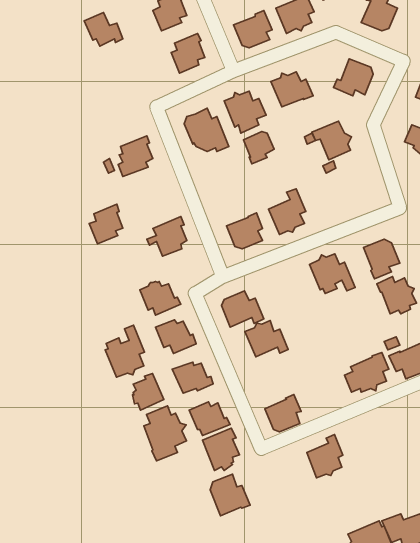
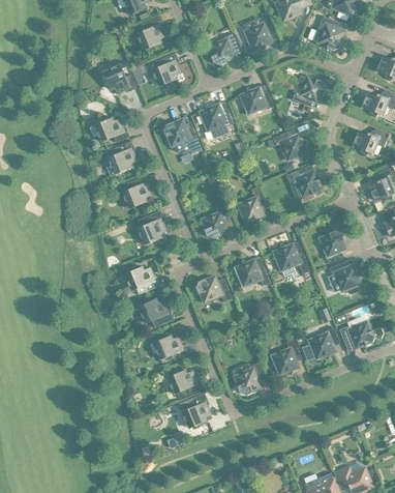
building: [84,12,123,46] -> [103,64,136,93]
building: none -> [89,116,129,142]
building: [243,132,274,164] -> none
building: none -> [285,167,322,198]
building: [89,204,123,244] -> [122,174,151,208]
building: [245,321,288,357] -> [233,257,270,288]
building: [105,325,145,377] -> none
building: [132,373,164,410] -> none
building: [144,406,186,461] -> none
building: [307,435,343,478] -> [270,339,301,376]
building: [210,474,250,516] -> none

